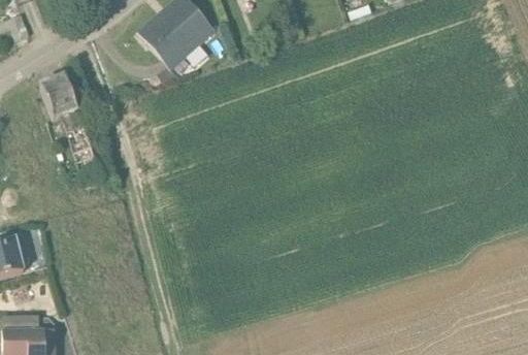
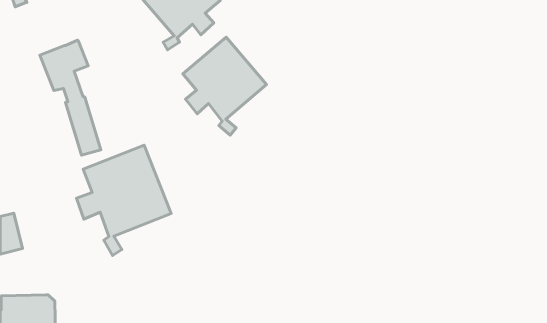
building: none -> [183,37,266,135]
building: none -> [77,145,171,256]

